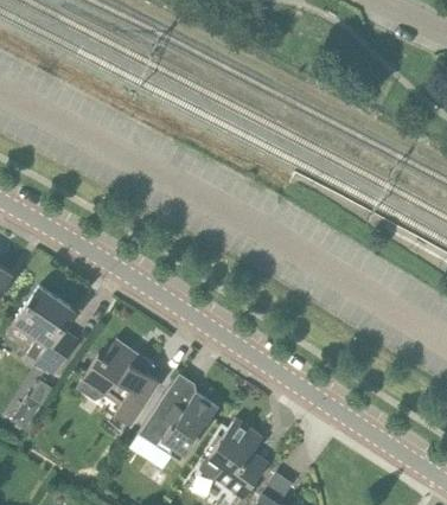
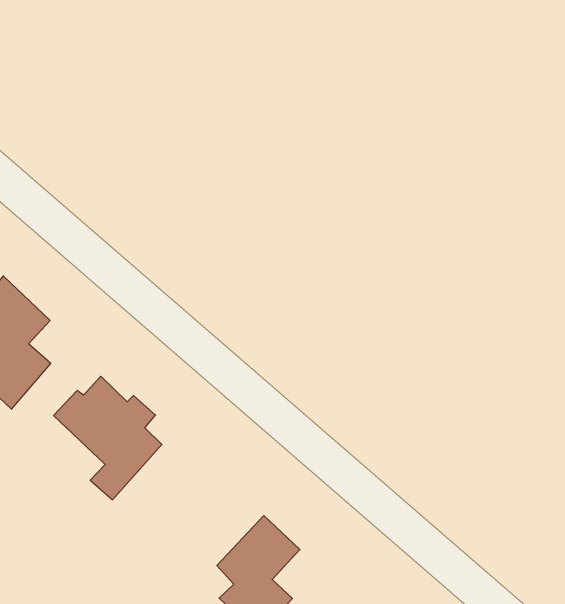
building: [138,389,218,460] -> none

